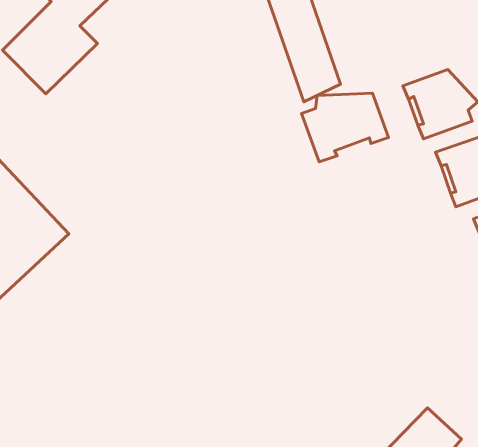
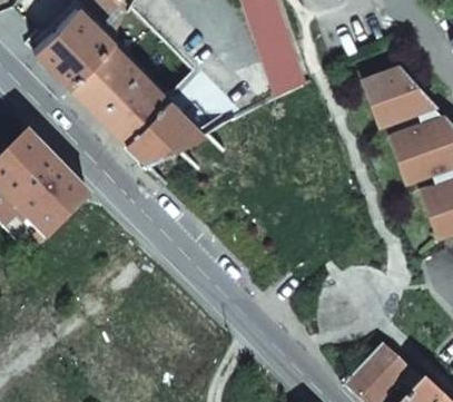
building: none -> [71,46,242,160]
building: [301,93,389,162] -> none

